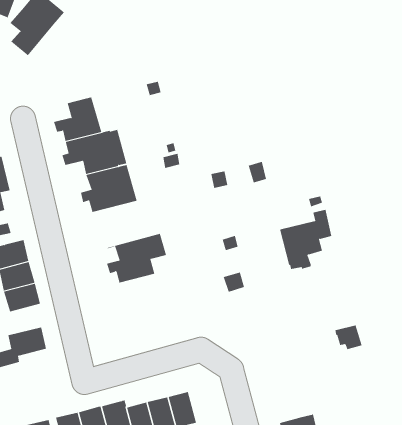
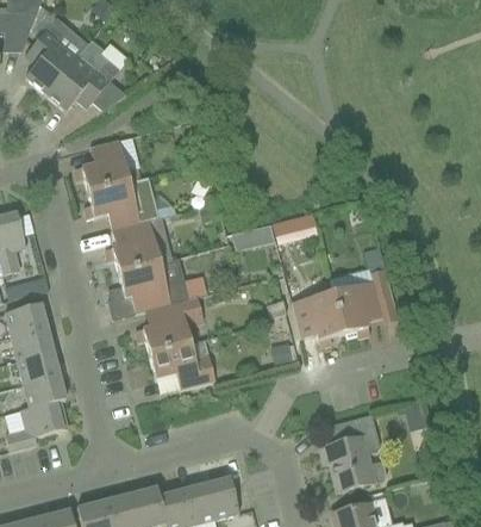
building: none -> [45,39,126,110]
building: none -> [114,258,207,312]
building: none -> [291,291,343,347]
building: none -> [149,342,214,389]
building: none -> [20,377,65,413]
building: none -> [319,414,386,491]

